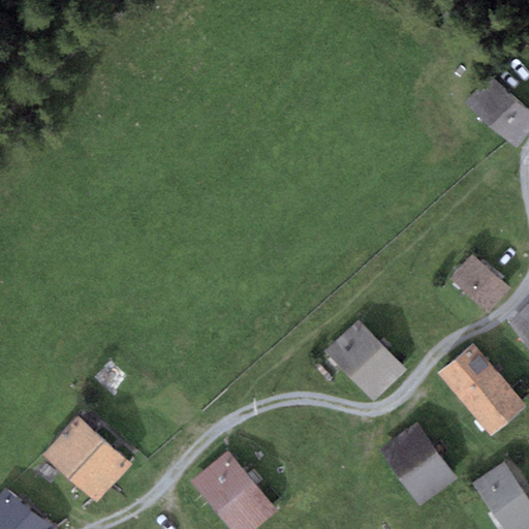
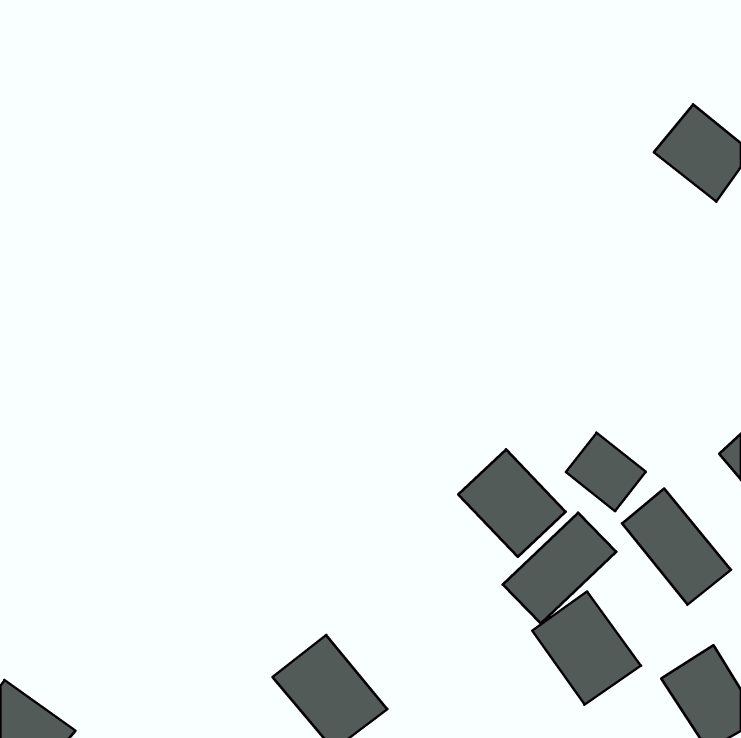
building: [452,254,508,310] -> [566,433,646,511]
building: none -> [503,513,616,624]
building: [44,417,131,502] -> none

